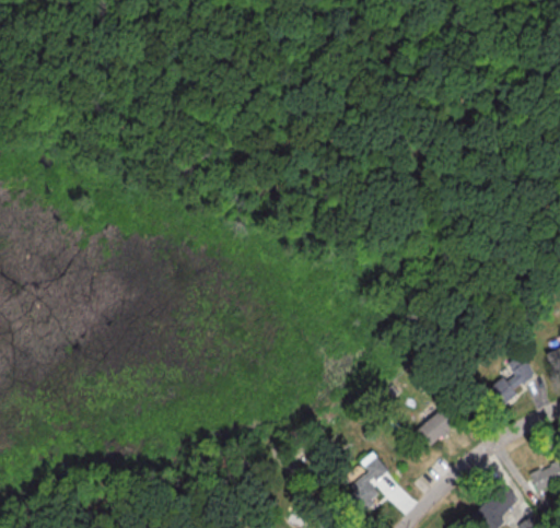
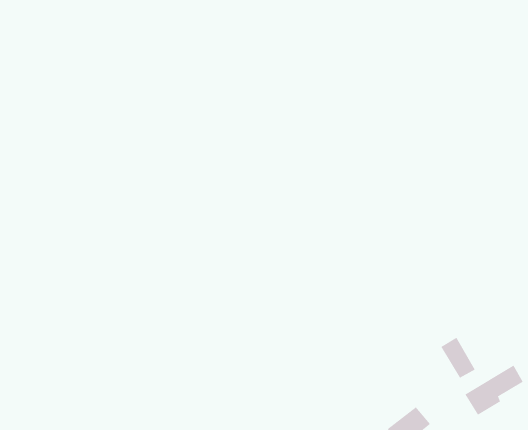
building: none -> [440,337,476,378]

